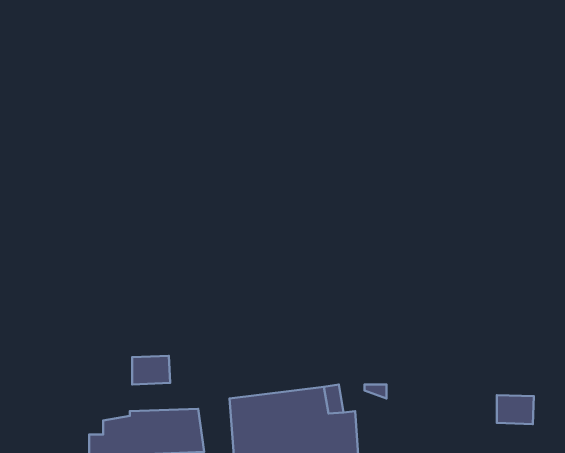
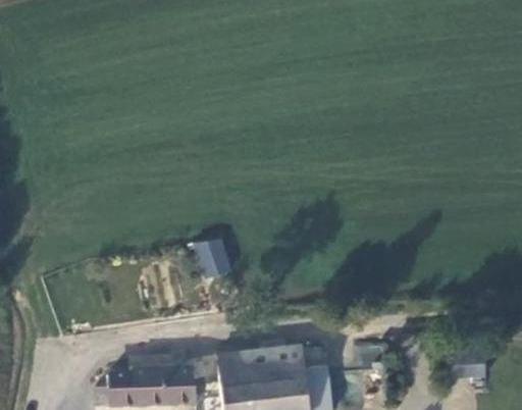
building: none -> [194,241,231,280]
building: [132,356,170,385] -> none

